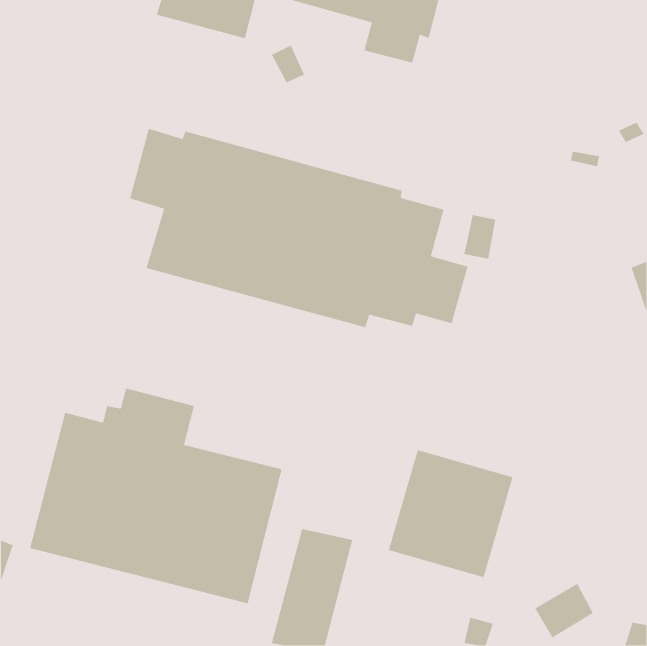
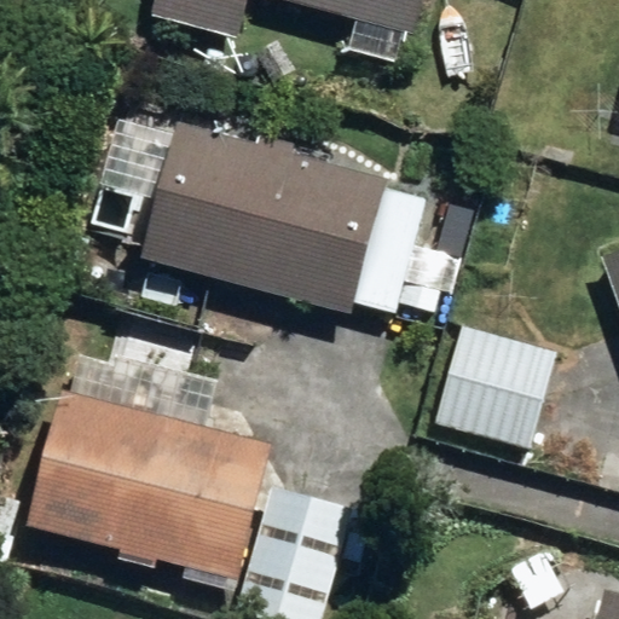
building: [388,449,513,578] -> [436,324,556,447]

